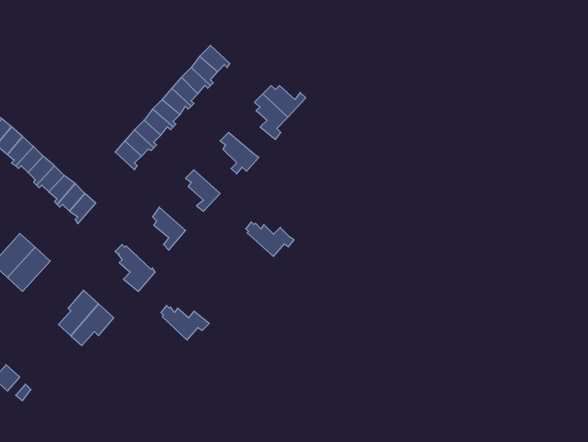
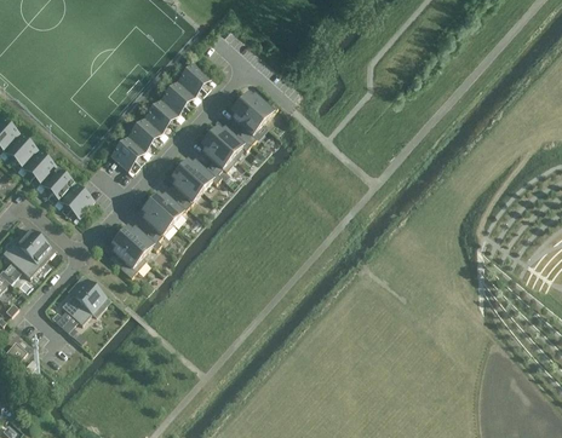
building: none -> [207,129,248,157]
building: none -> [147,196,185,224]
building: [246,222,294,256] -> [176,161,218,191]
building: [161,305,209,340] -> [116,227,159,258]

